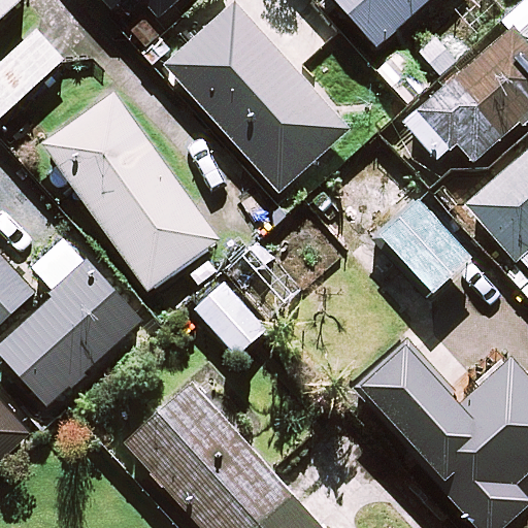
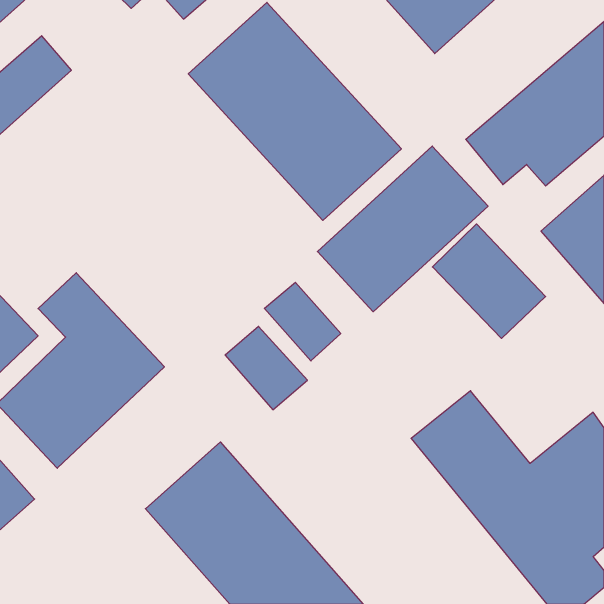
building: [44,95,217,289] -> none
building: none -> [317,146,488,312]

